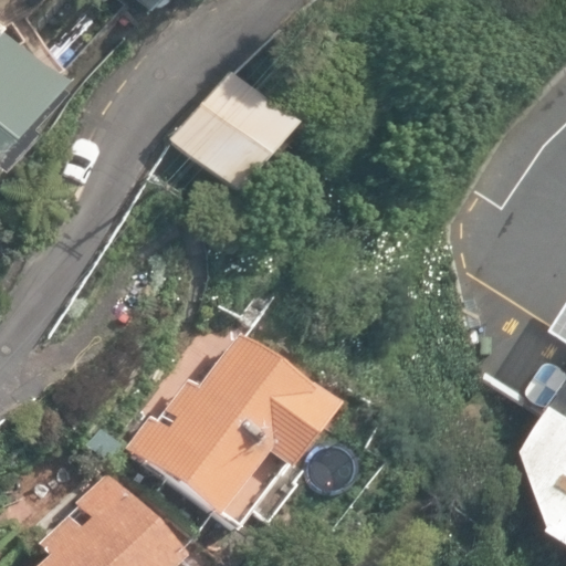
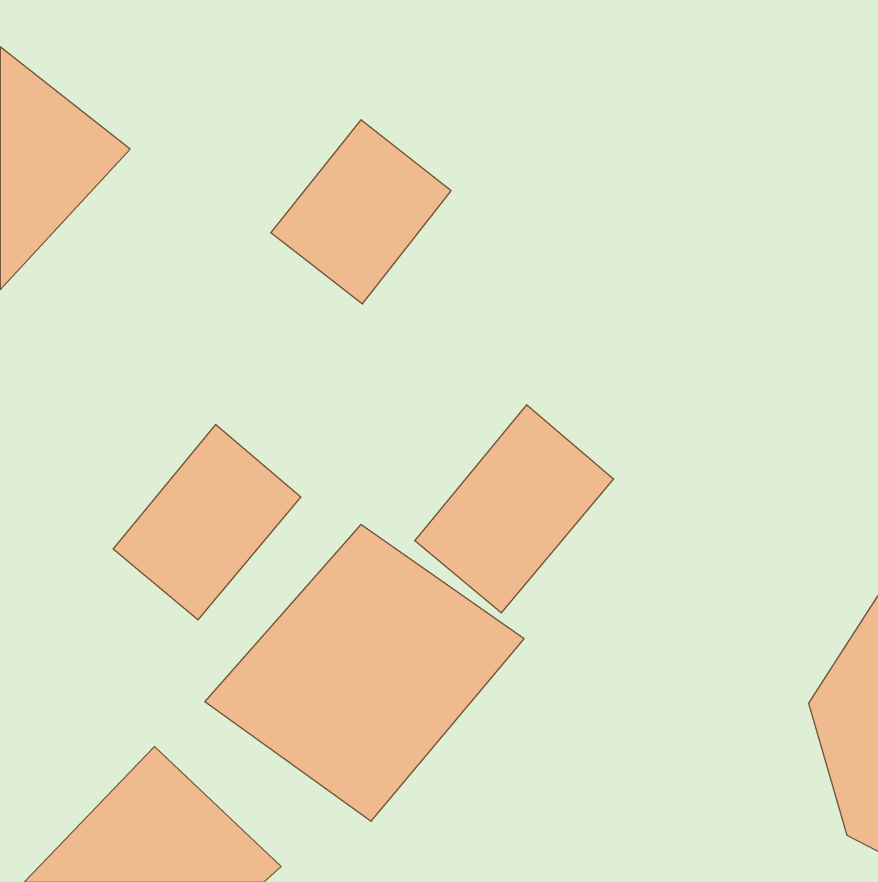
building: none -> [415,405,614,613]
building: none -> [113,424,301,620]

